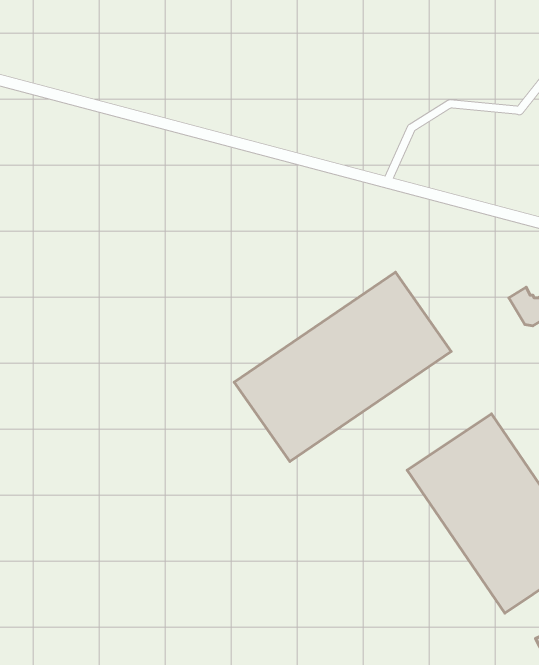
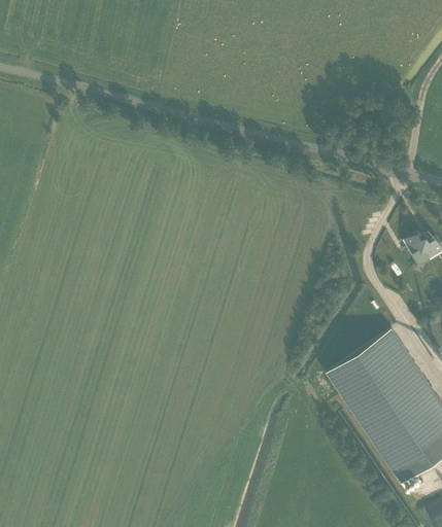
building: [234,272,451,461] -> none

